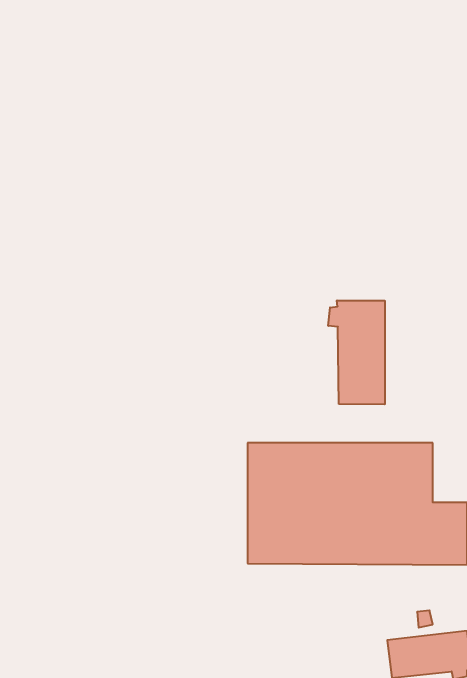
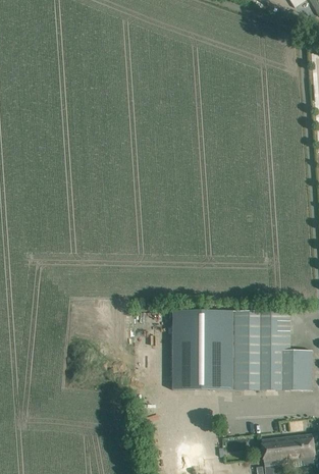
building: [328,300,385,404] -> none

